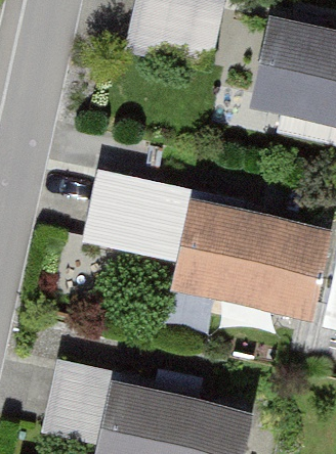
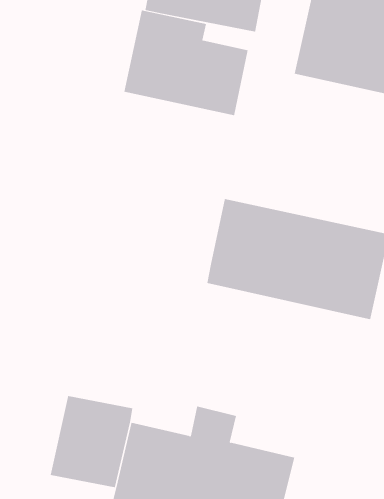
building: [88,172,190,258] -> [123,10,249,116]

